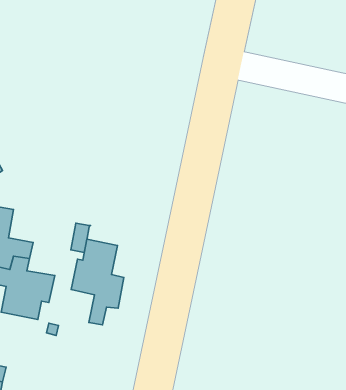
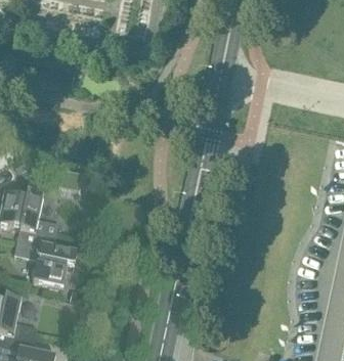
building: [71,239,124,325] -> none

